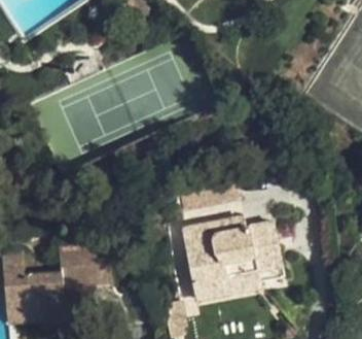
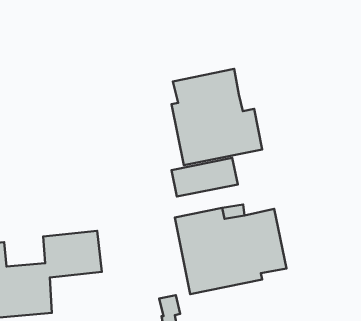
building: none -> [171,69,262,165]

